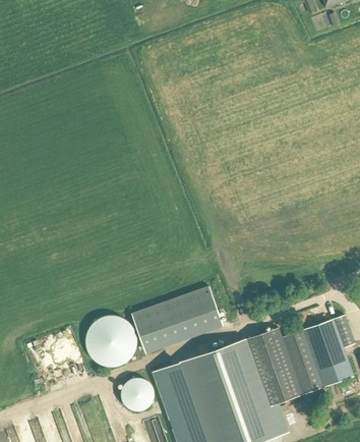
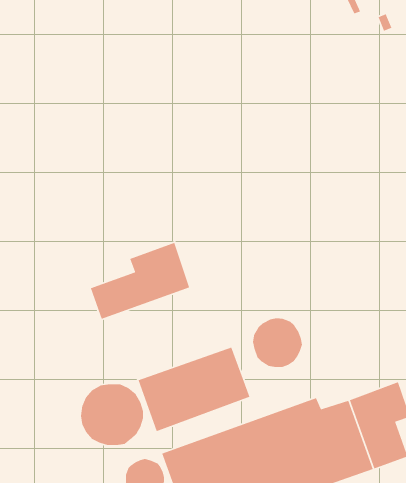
building: none -> [90,242,190,320]
building: none -> [252,317,303,368]

